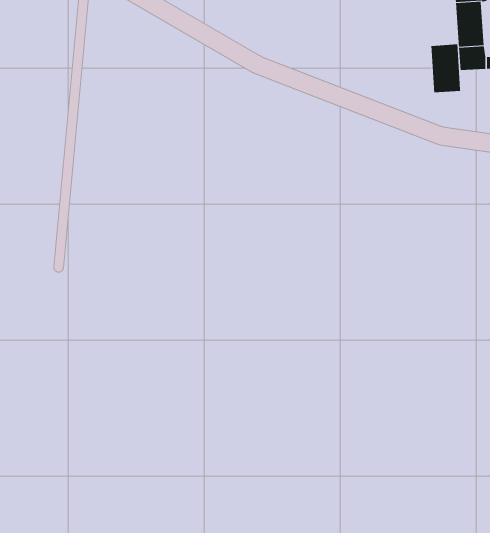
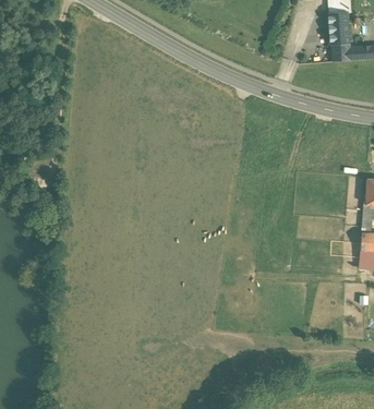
building: [431,43,461,93] -> none

